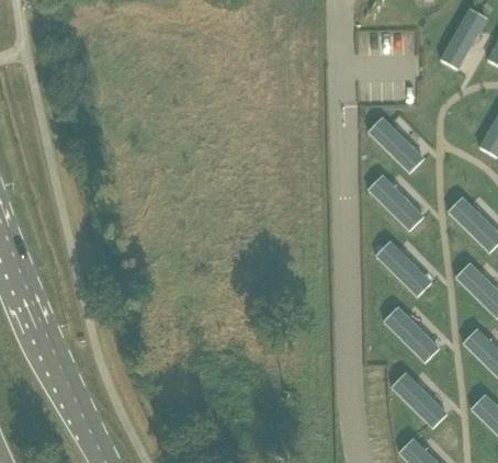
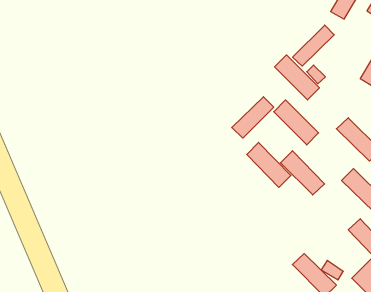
building: none -> [293,25,334,66]
building: none -> [232,97,274,138]
building: [383,305,440,363] -> [247,142,291,187]

